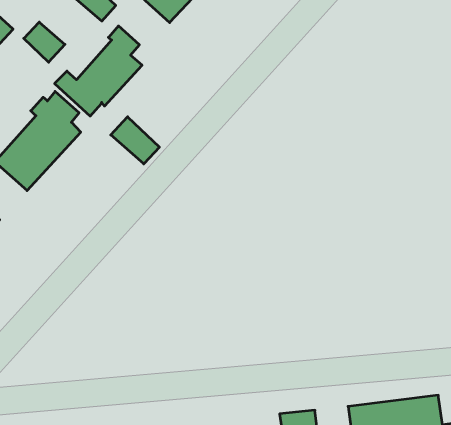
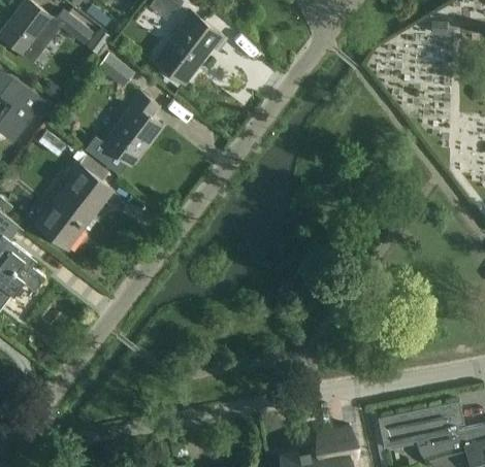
building: [24,22,65,62] -> none
building: [111,117,159,164] -> none

